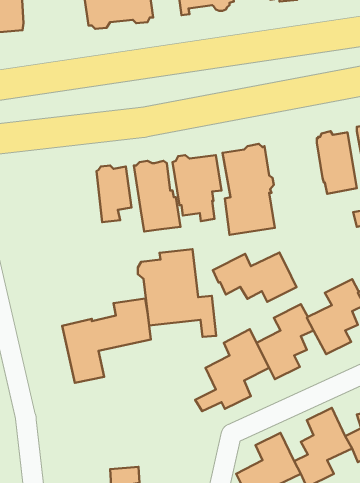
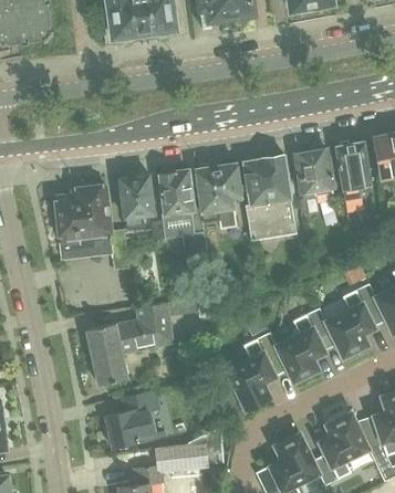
building: none -> [294,146,340,200]
building: [138,249,216,337] -> [51,185,127,270]
building: [213,252,297,302] -> none
building: none -> [106,390,165,448]
building: none -> [155,426,222,468]

